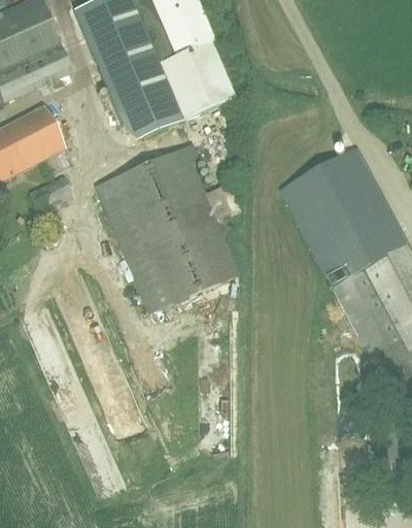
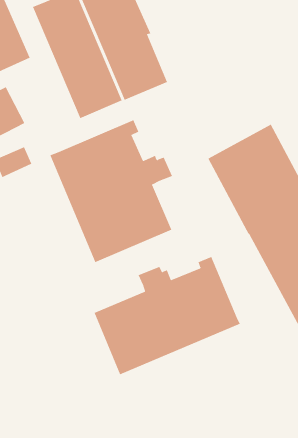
building: none -> [94,256,240,375]

